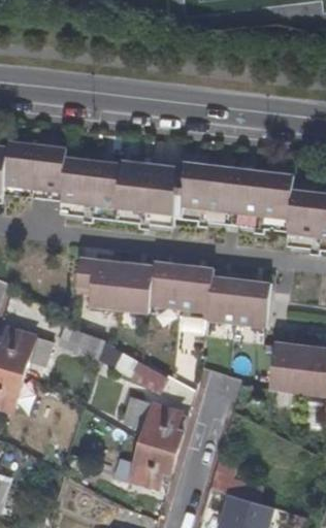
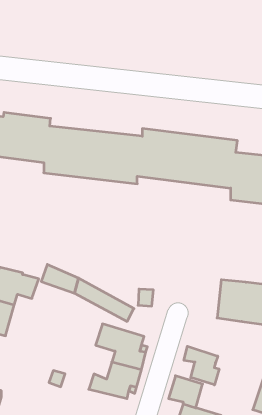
building: [75,257,271,328] -> none
building: none -> [184,346,219,385]

